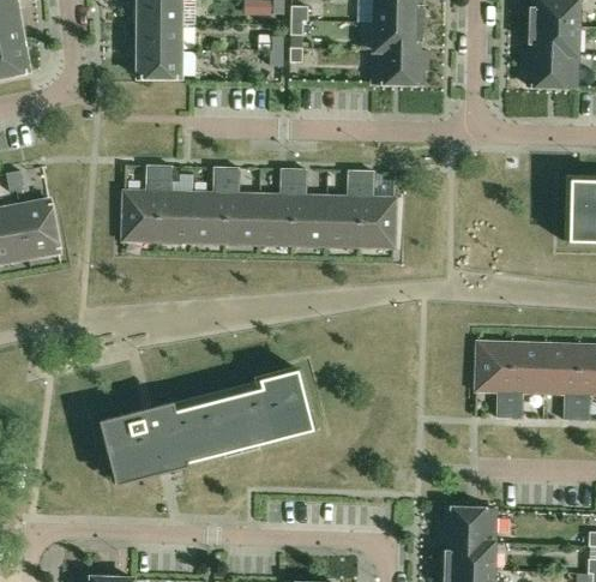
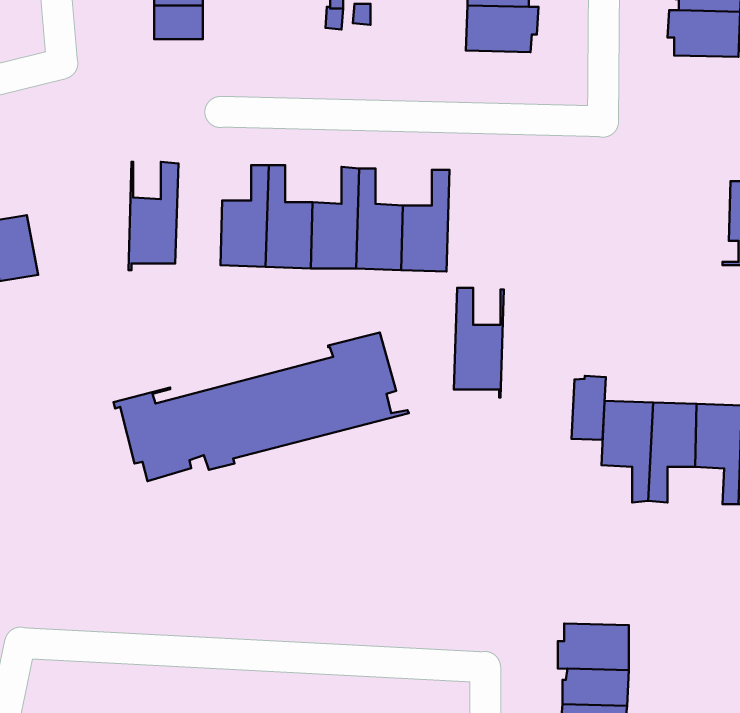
building: [157,166,192,241] -> none
building: [359,170,396,252] -> [454,288,504,398]
building: none -> [572,376,606,440]
building: [100,368,319,479] -> [114,333,409,481]

